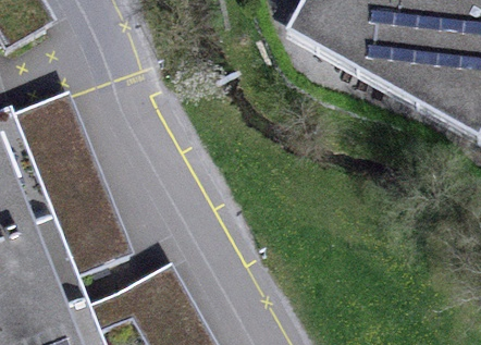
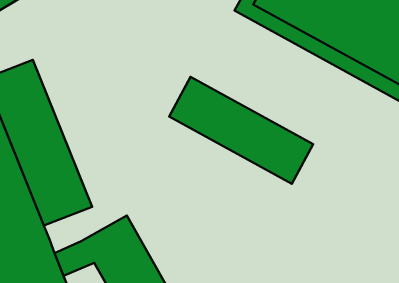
building: none -> [169,77,313,184]

